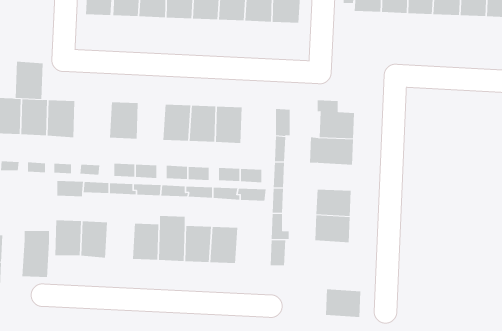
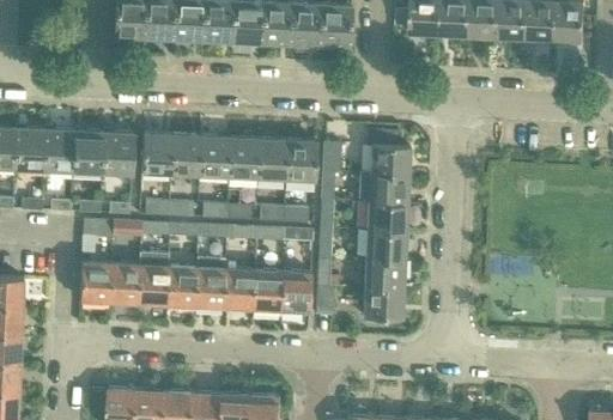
building: [15,61,43,99] -> [102,133,133,175]
building: none -> [171,135,201,176]
building: none -> [285,140,315,181]
building: none -> [368,201,407,231]
building: none -> [279,272,310,312]
building: [22,230,50,277] -> [136,255,168,306]
building: [325,289,361,317] -> [364,286,403,317]

